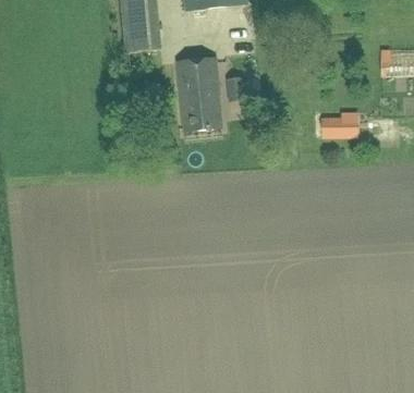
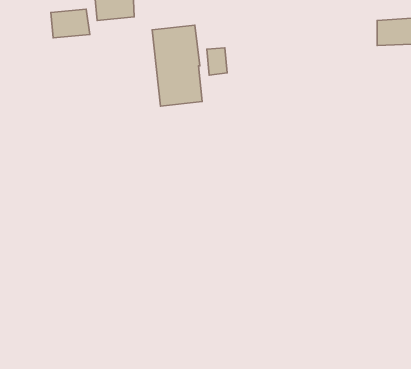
building: none -> [51,9,90,38]
building: [320,115,357,134] -> none

